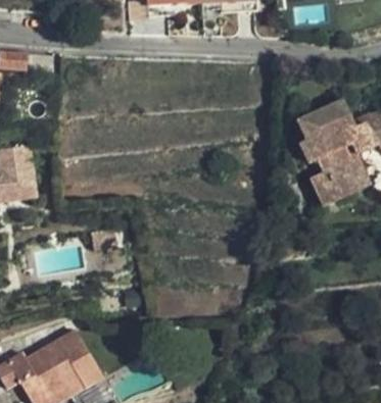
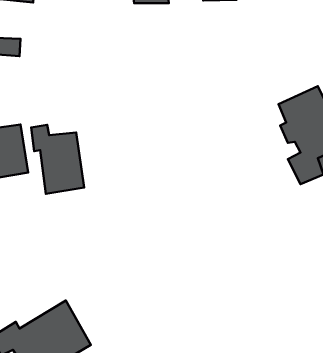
building: none -> [31,125,84,194]

